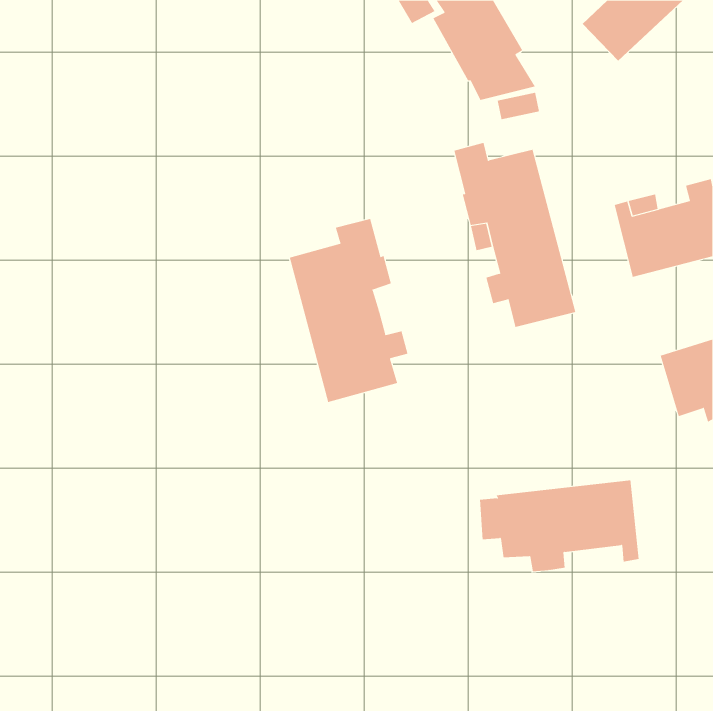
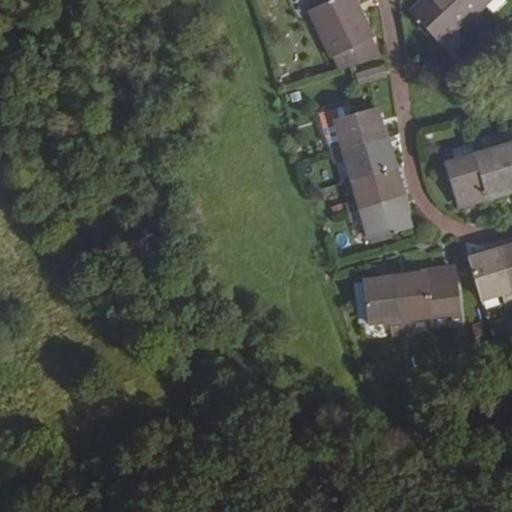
building: [289,218,408,403] -> none
building: [479,480,640,572] -> [348,265,463,331]

